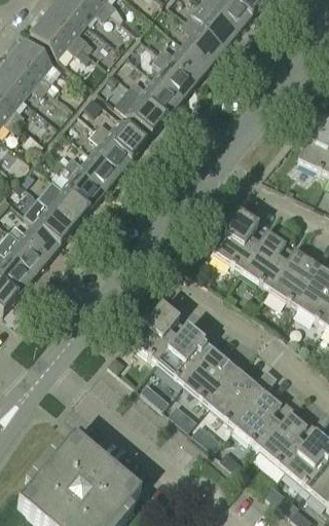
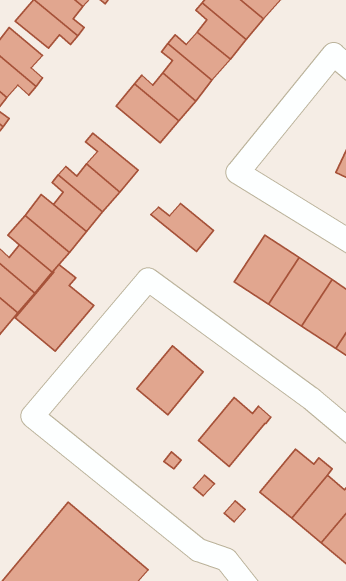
building: [95,117,147,157] -> [151,203,214,251]
building: none -> [15,264,94,351]
building: [157,326,213,383] -> none
building: [209,367,277,426] -> none

